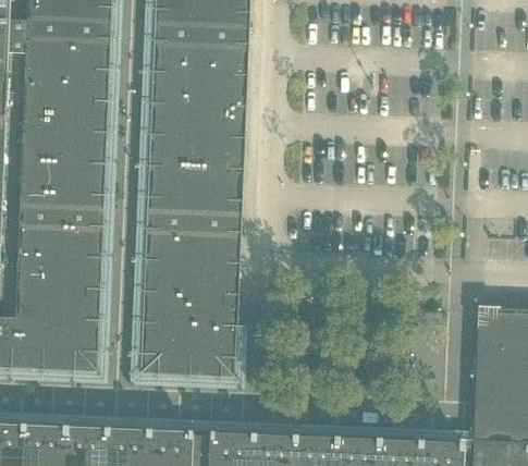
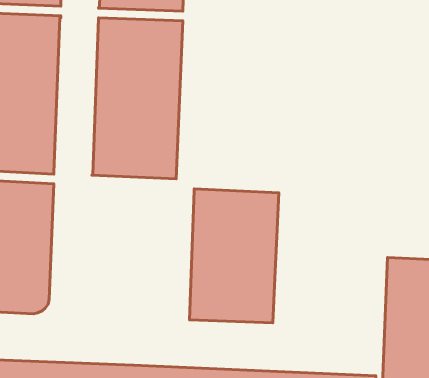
building: [140,220,241,370] -> [189,189,279,323]

